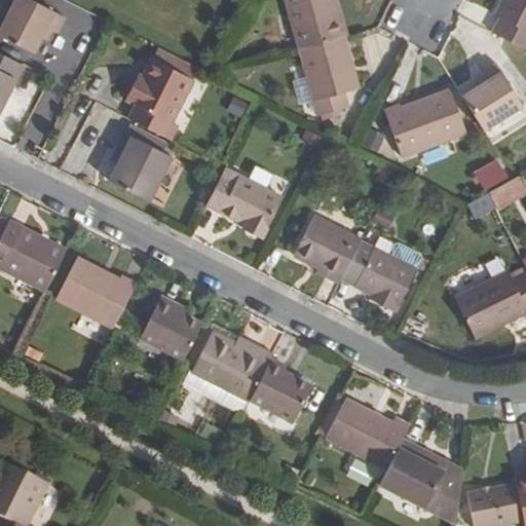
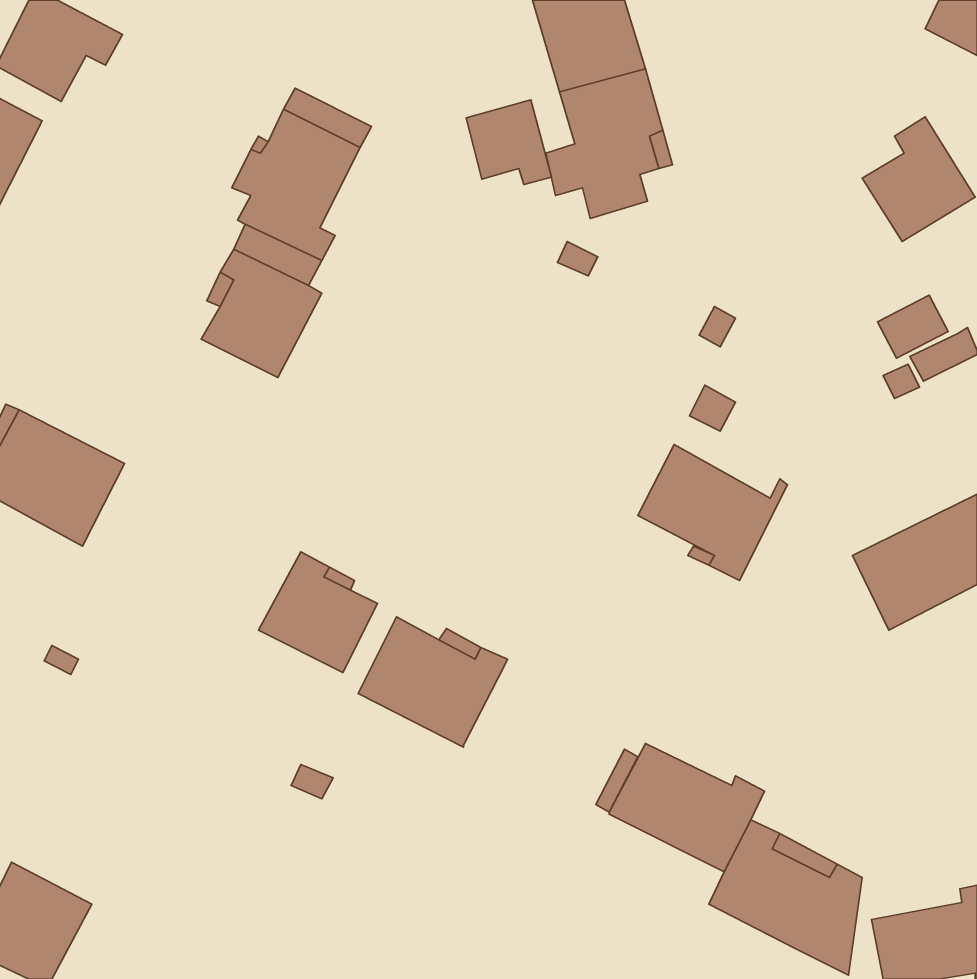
building: none -> [466,100,551,184]
building: [385,89,466,156] -> none
building: [205,166,285,239] -> none
building: [294,215,362,284] -> none
building: [55,257,136,329] -> none
building: [249,358,312,422] -> none

